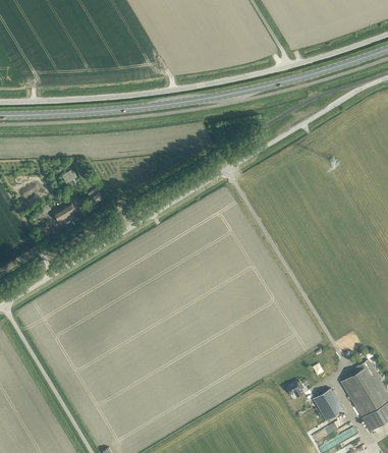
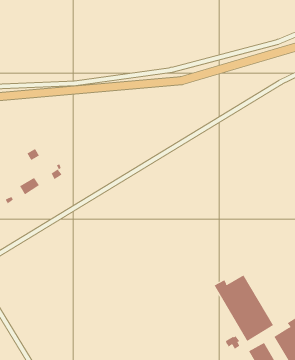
building: none -> [214,274,274,342]

